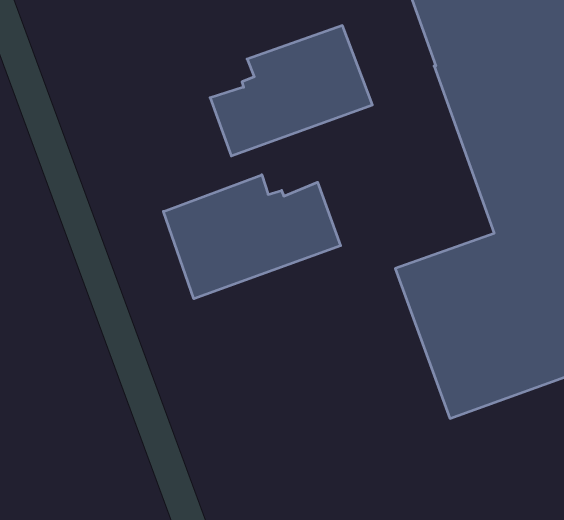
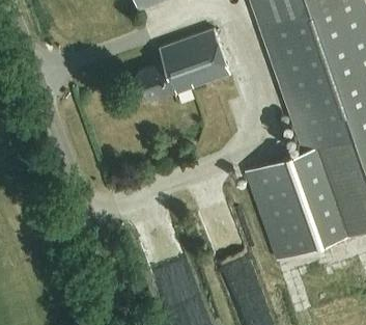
building: [163,175,341,299] -> none

